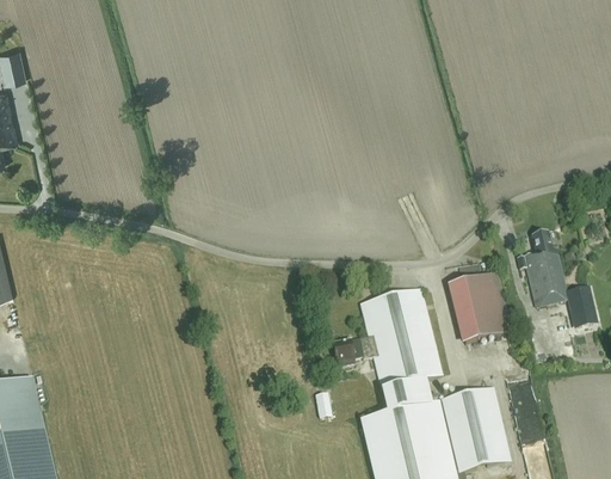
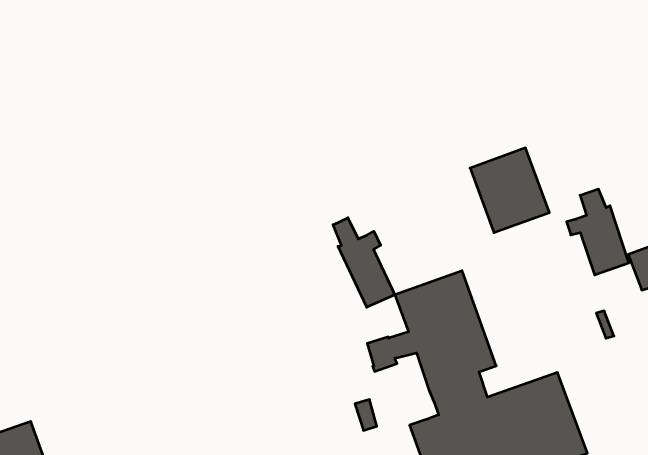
building: none -> [333,218,395,307]
building: [446,271,511,342] -> [470,148,549,233]

